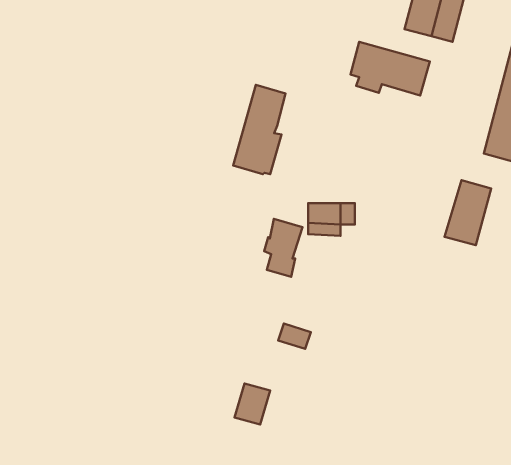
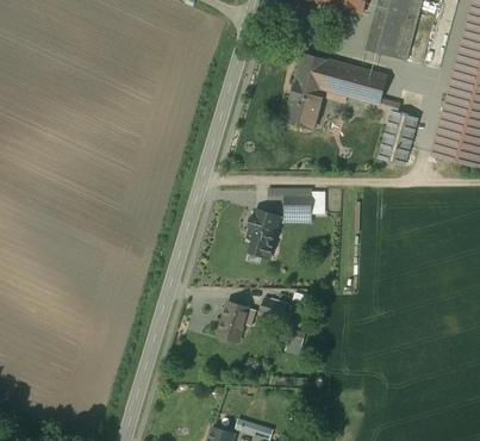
building: [233,85,286,174] -> [283,51,328,126]
building: [444,180,491,245] -> [379,108,418,163]
building: [235,383,270,424] -> [219,299,249,334]

